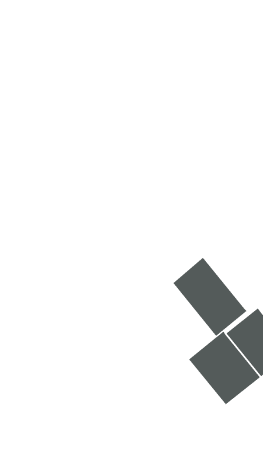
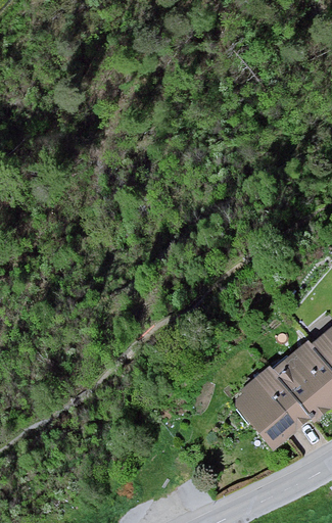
building: [172,257,248,337] -> none

